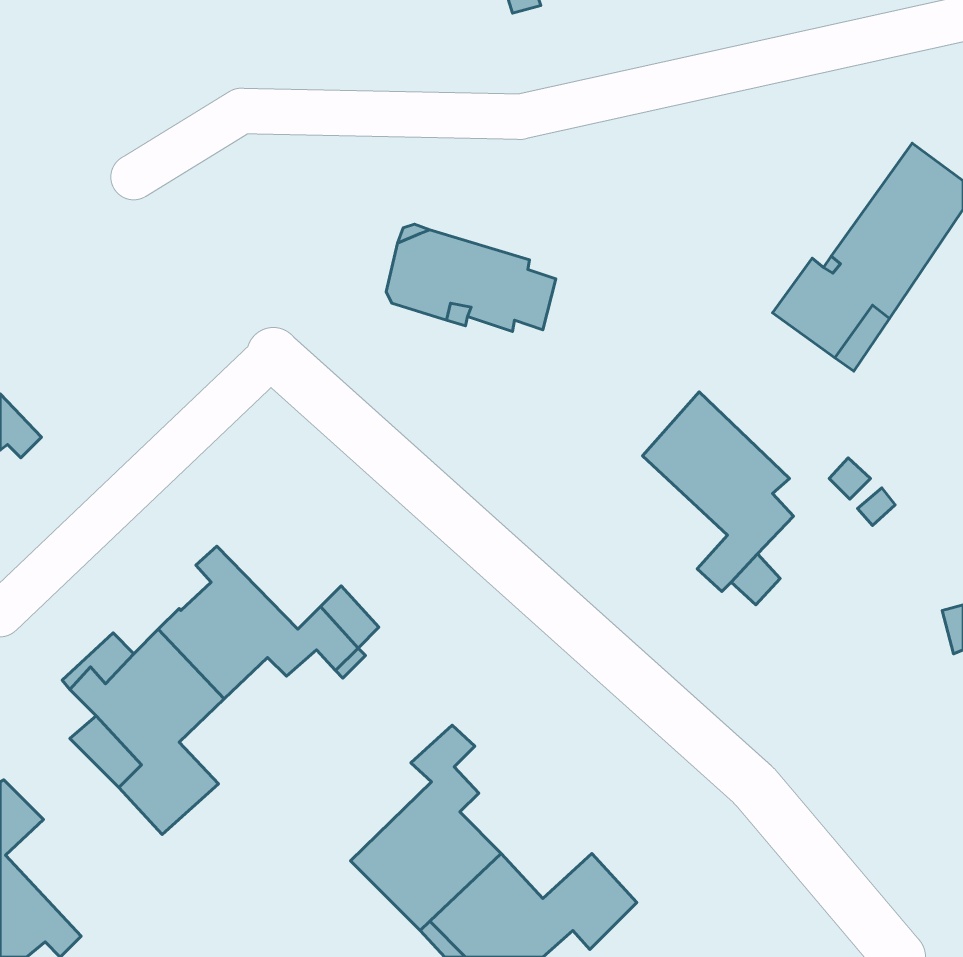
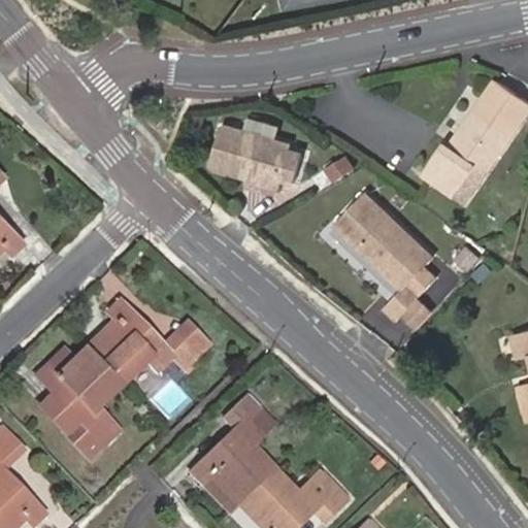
building: none -> [330,196,383,250]

